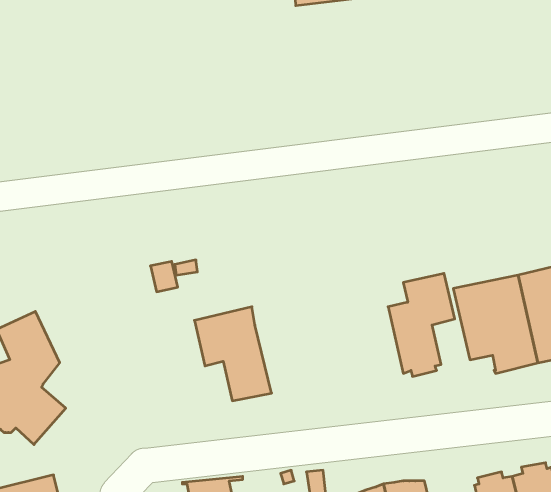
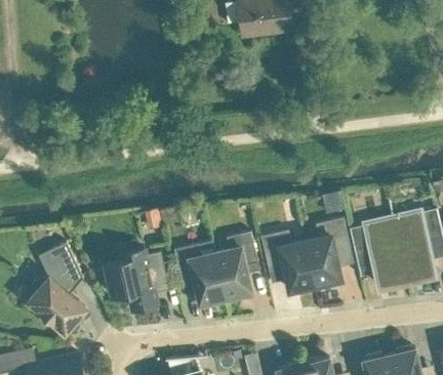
building: none -> [260,231,315,294]
building: none -> [214,232,257,299]
building: none -> [105,250,167,310]

